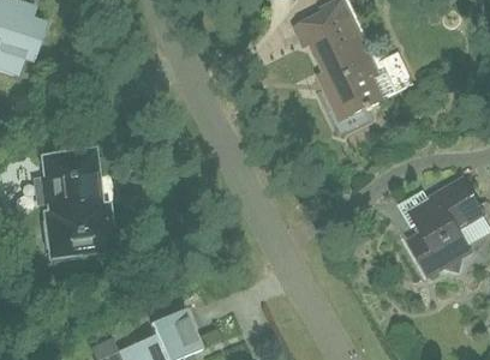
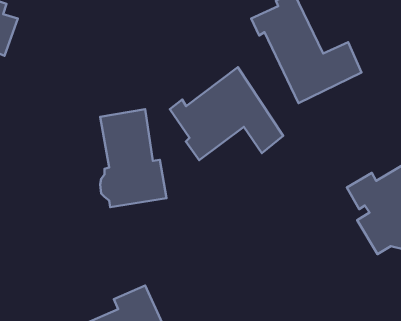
building: none -> [170,67,283,160]
building: [47,154,118,258] -> [100,109,166,207]

